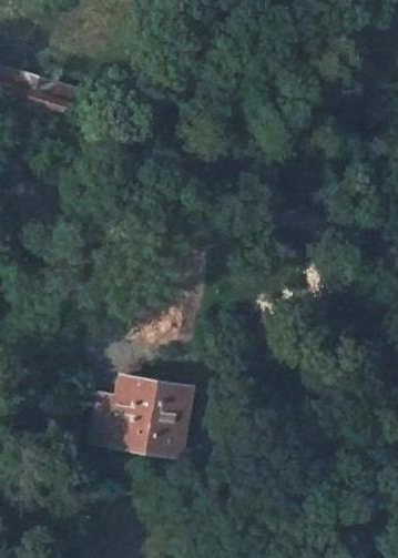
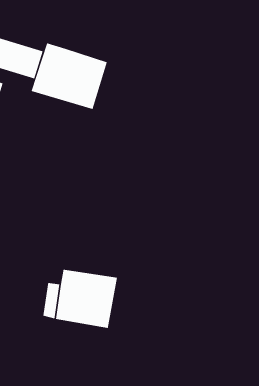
building: none -> [31,43,107,110]

